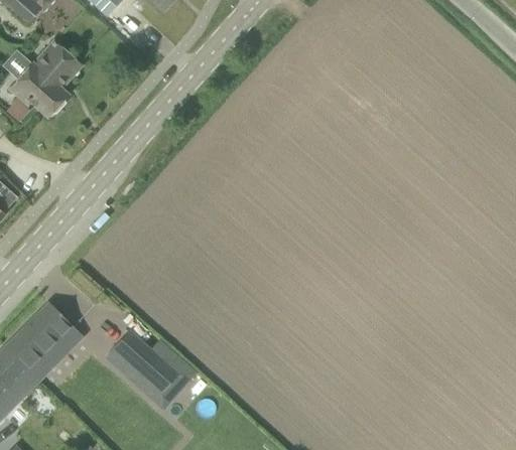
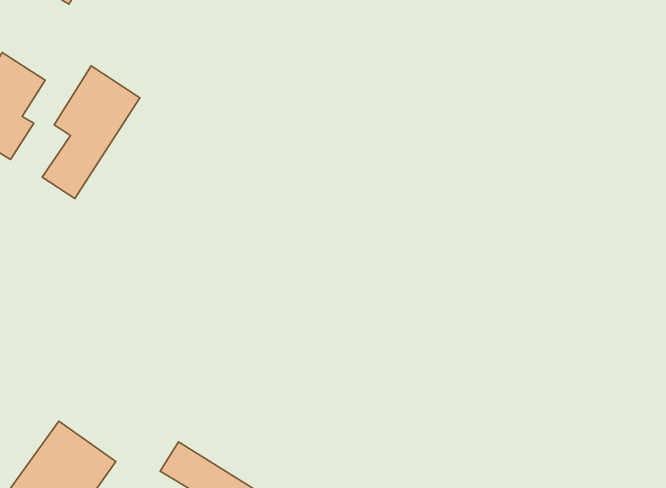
building: none -> [42,66,140,198]

